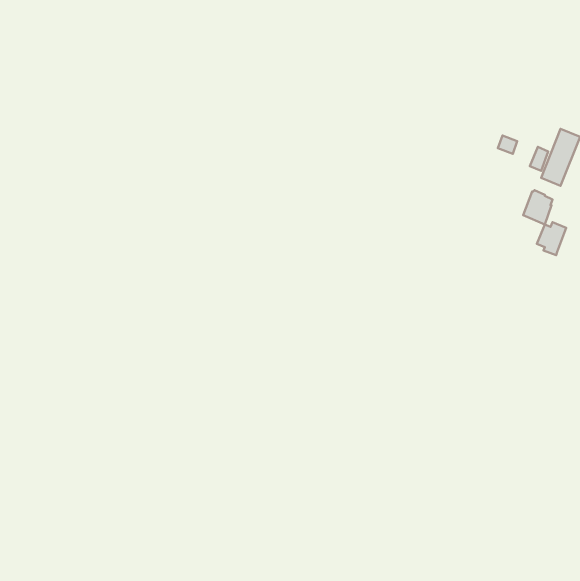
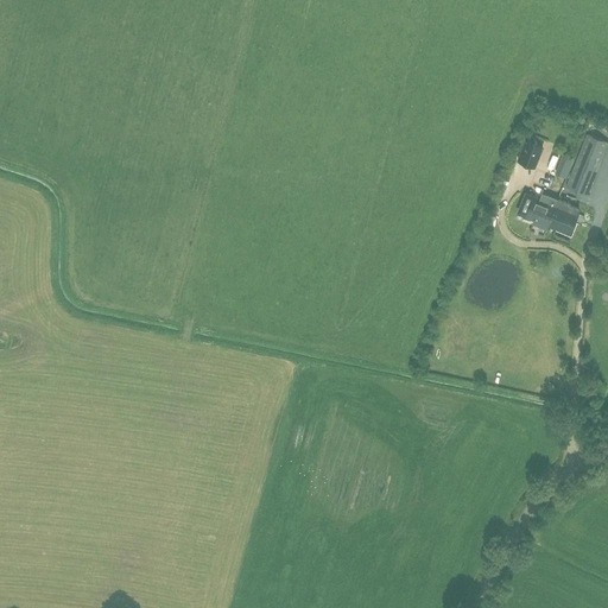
building: [537,222,566,255] -> [524,195,555,229]

